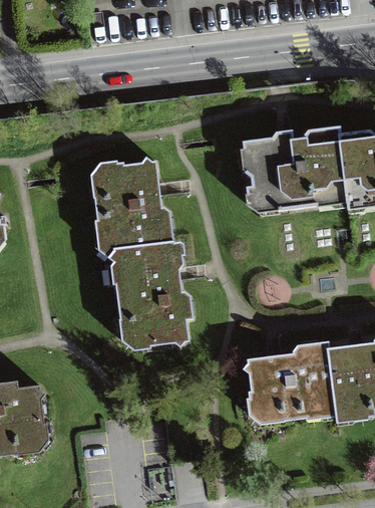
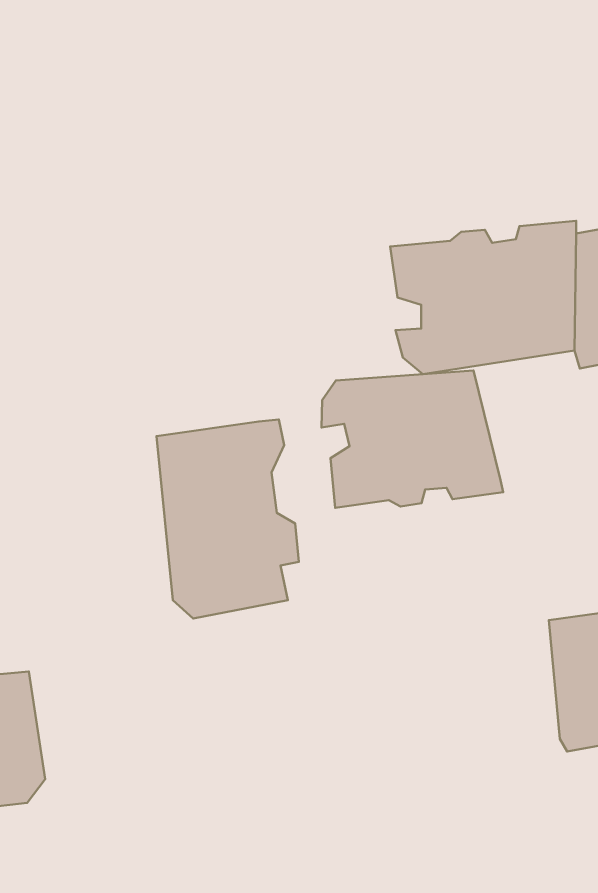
building: [92,161,170,249] -> none
building: none -> [322,370,503,508]
building: [248,340,336,426] -> none

